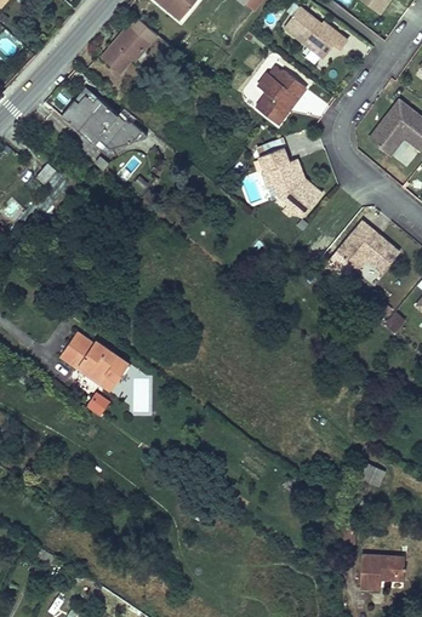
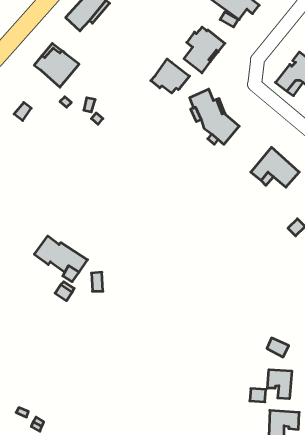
building: none -> [151,59,190,93]
building: [99,114,148,147] -> none
building: none -> [268,370,292,399]

